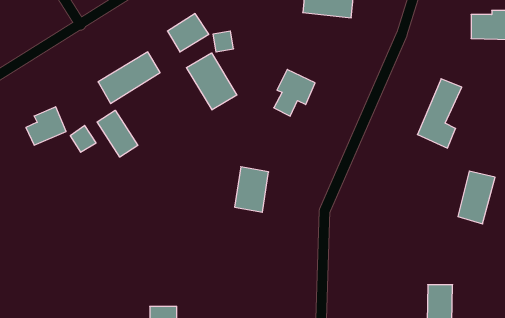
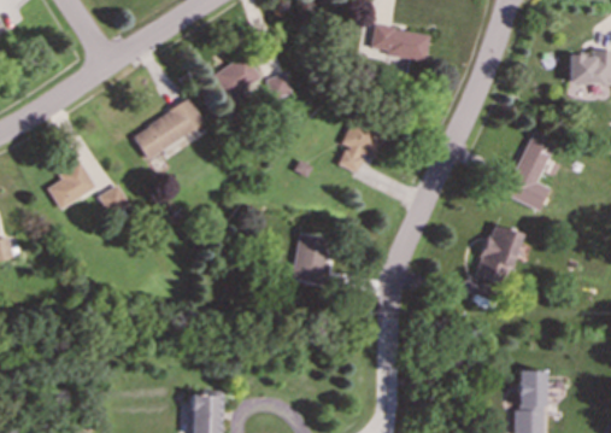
building: [186,53,237,110] -> none
building: [97,110,138,157] -> none
building: [458,171,495,224] -> [477,223,521,285]

